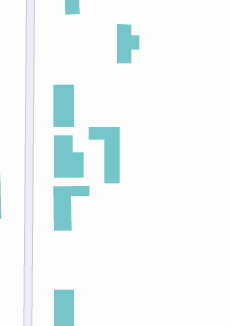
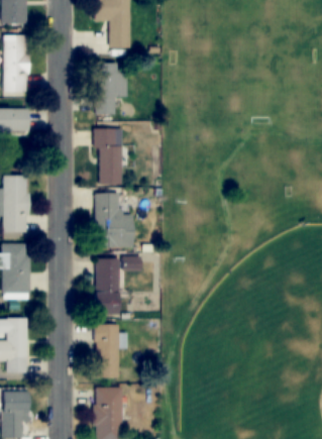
building: [116,24,140,64] -> [96,61,126,111]
building: [88,126,120,184] -> none
building: none -> [95,324,120,378]

